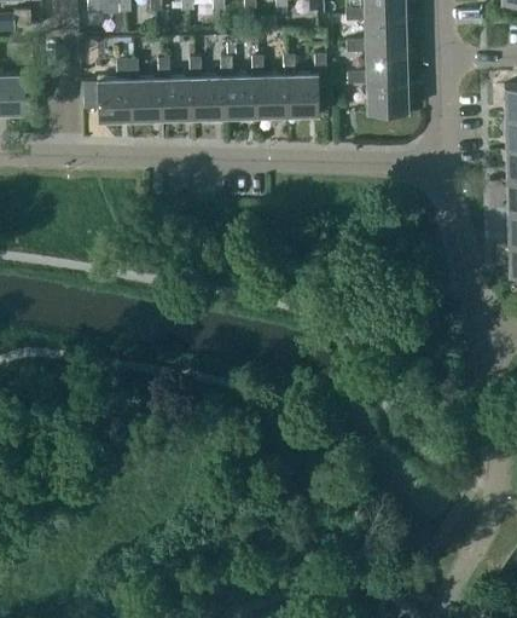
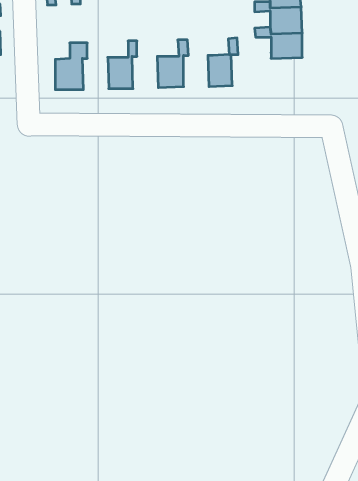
building: [258,58,295,117] -> none
building: [194,60,232,120] -> none
building: [133,62,170,121] -> none
building: [348,75,407,115] -> none

